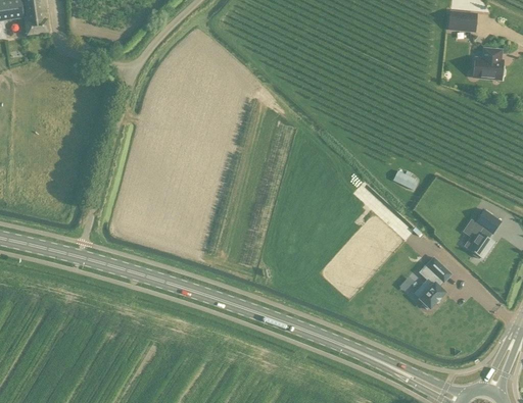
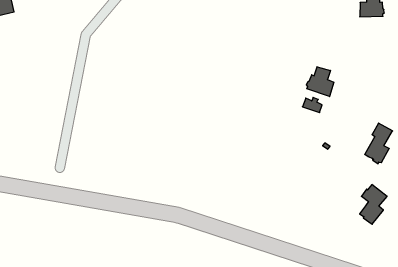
building: none -> [307,67,334,97]
building: [413,258,448,307] -> [360,185,387,224]

